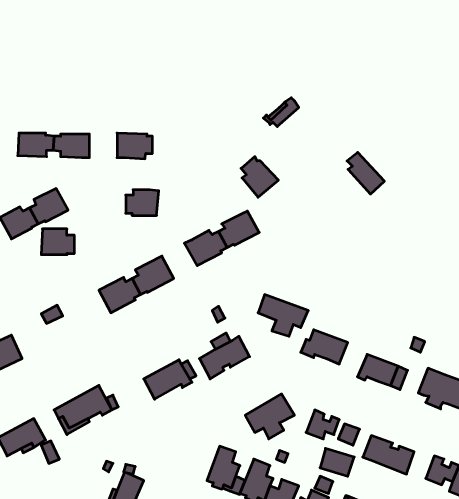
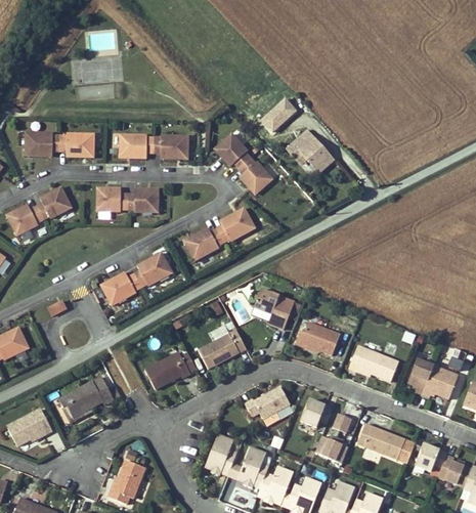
building: none -> [215,133,252,168]
building: none -> [154,135,190,160]
building: [347,152,384,194] -> [298,133,334,173]
building: [41,229,74,255] -> [96,187,128,212]

